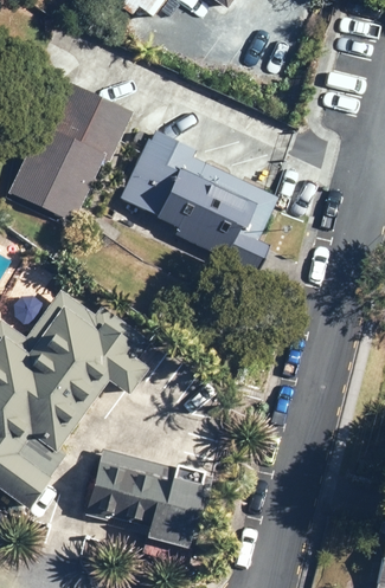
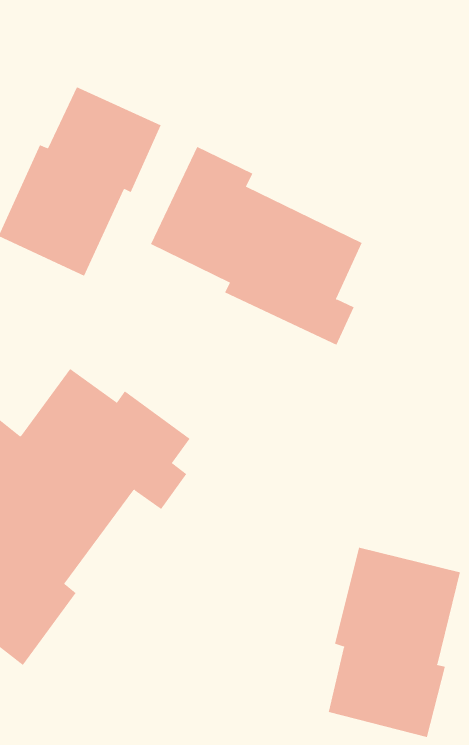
building: none -> [328,547,460,738]
building: [86,450,211,548] -> none

